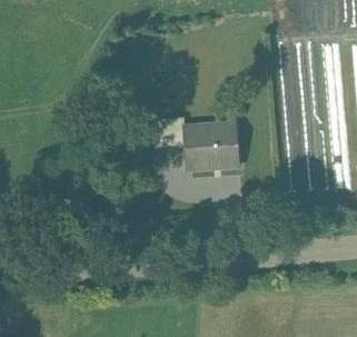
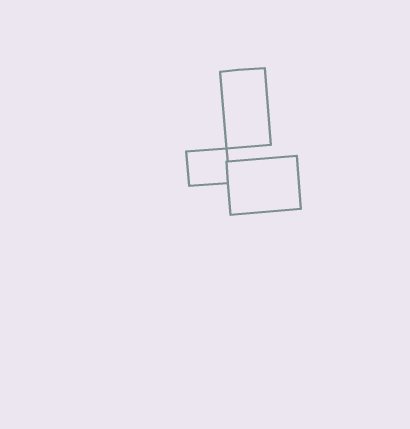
building: none -> [220,68,271,149]

